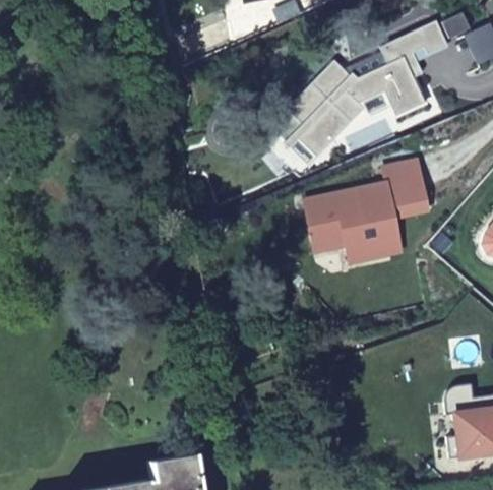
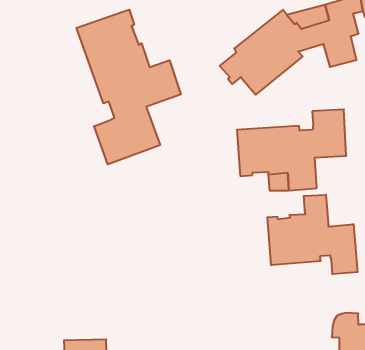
building: none -> [76,10,181,164]
building: none -> [268,195,358,274]

